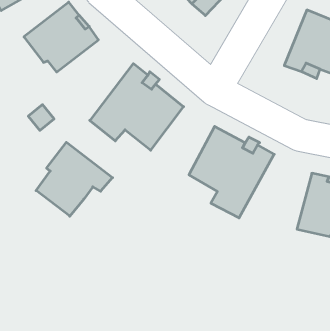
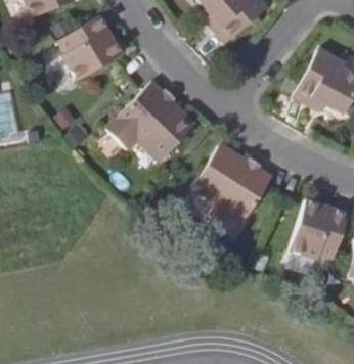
building: [36,142,113,216] -> none

